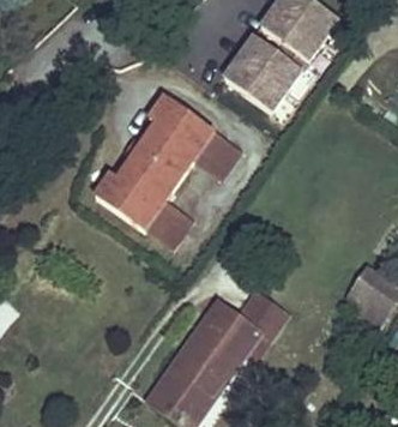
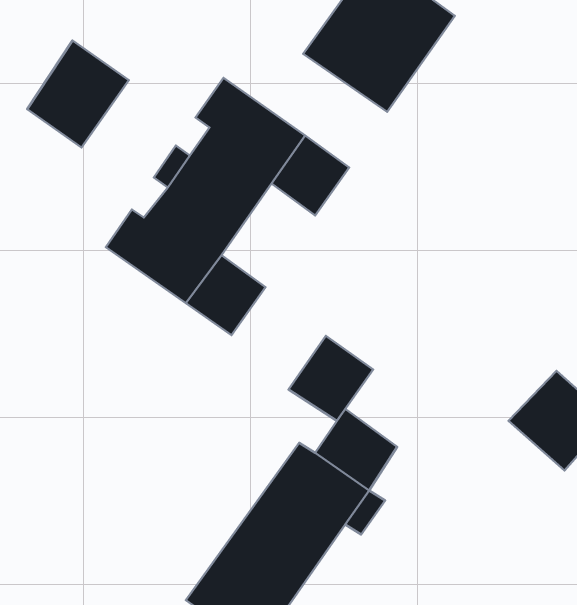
building: none -> [27,41,129,147]
building: none -> [288,336,373,421]

